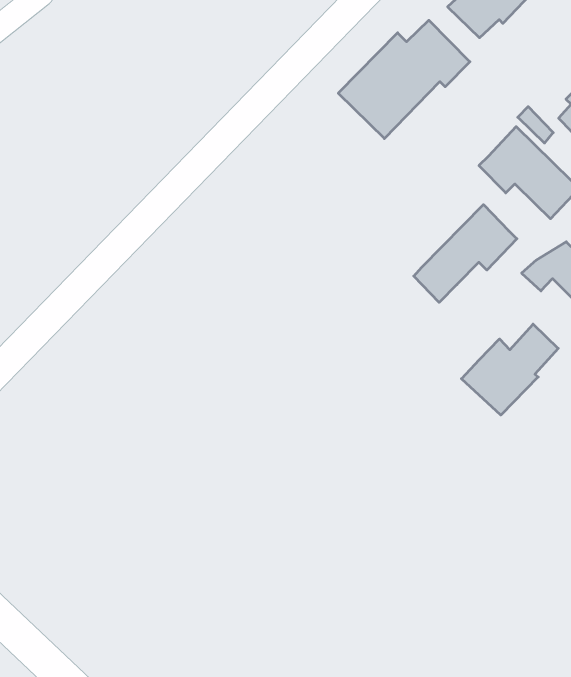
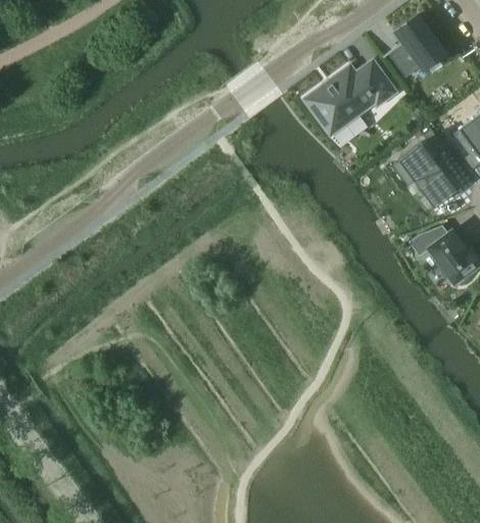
building: [414,205,517,302] -> none
building: [461,324,558,415] -> none

